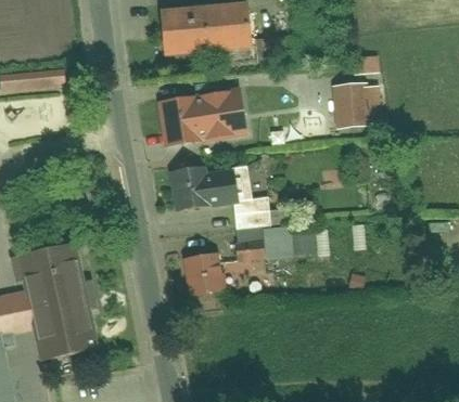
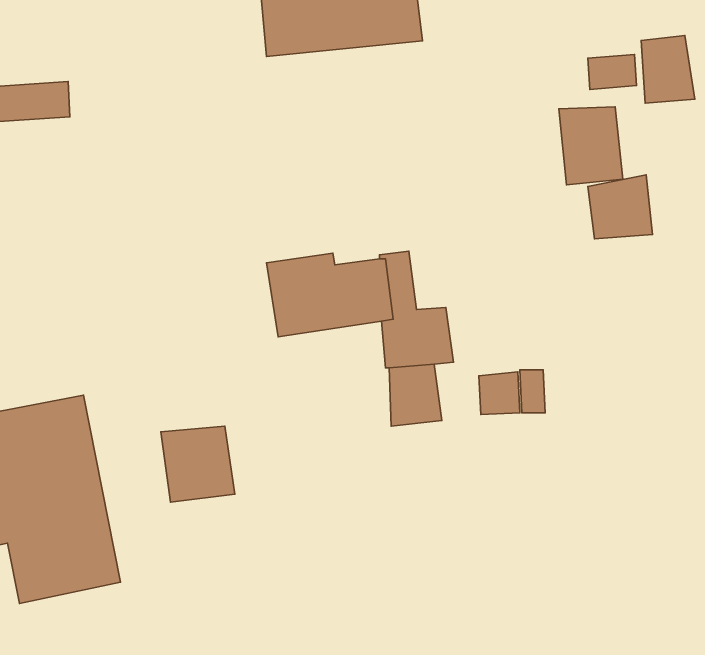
building: none -> [641,35,695,103]
building: [162,87,255,146] -> none
building: none -> [588,175,652,239]
building: [187,252,228,295] -> [161,426,235,502]

